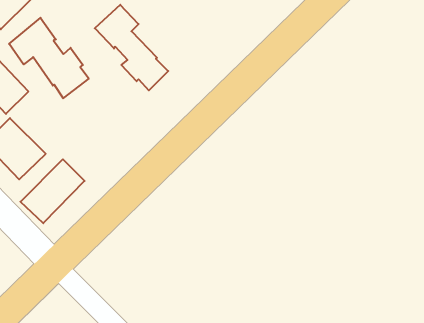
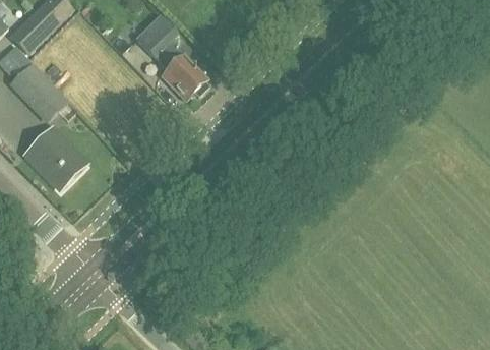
building: [9,18,89,98] -> none
building: [20,159,85,223] -> none

